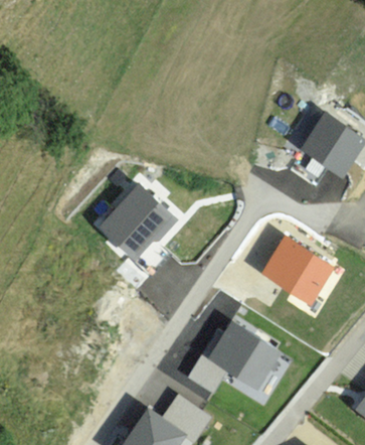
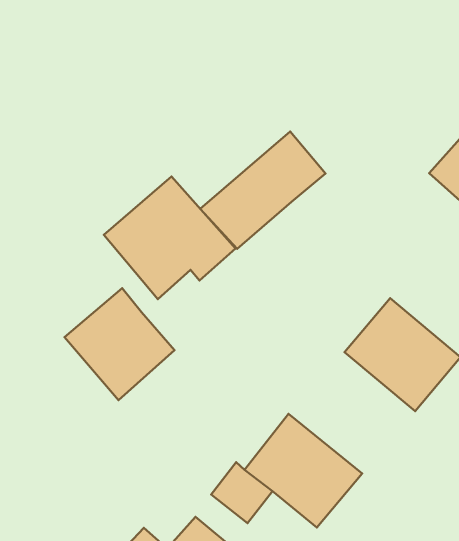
building: none -> [200,131,325,249]
building: none -> [64,288,175,400]

